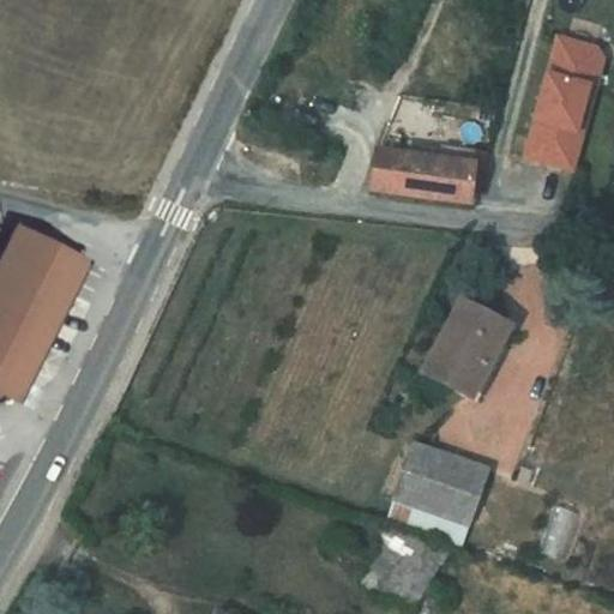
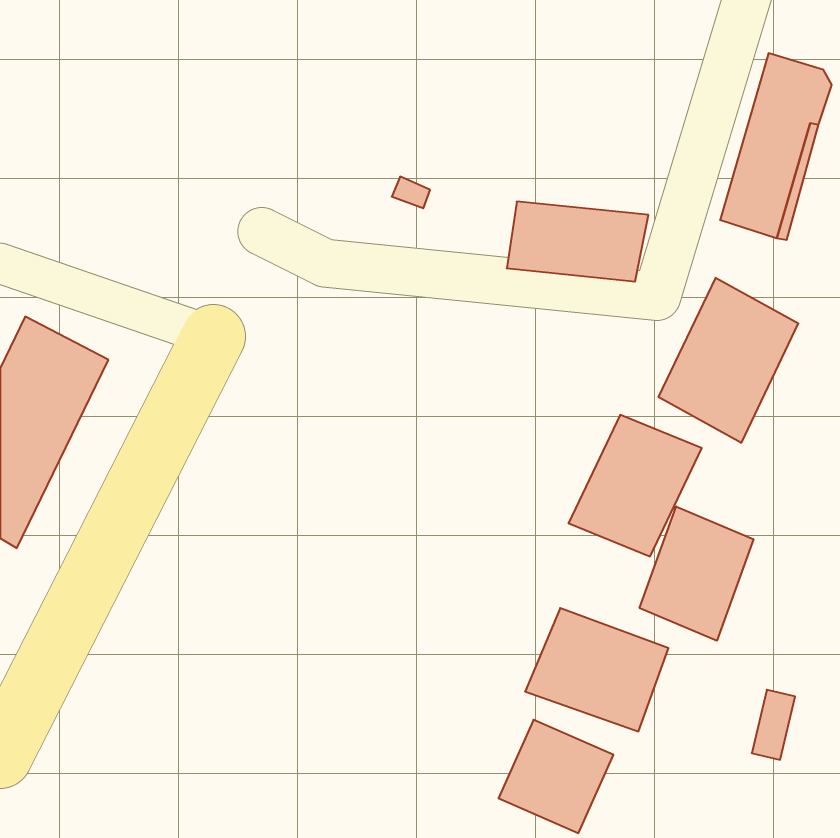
building: none -> [659,278,798,443]
building: none -> [640,506,753,641]

